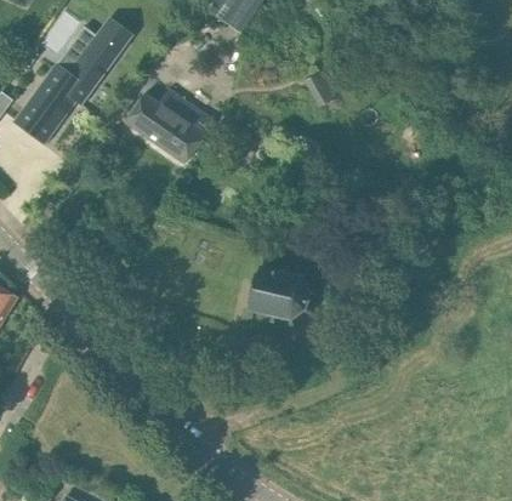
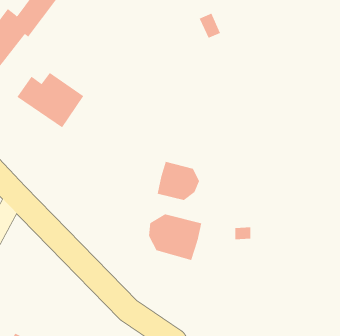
building: [124,87,214,161] -> [17,72,84,128]
building: none -> [149,213,202,261]

